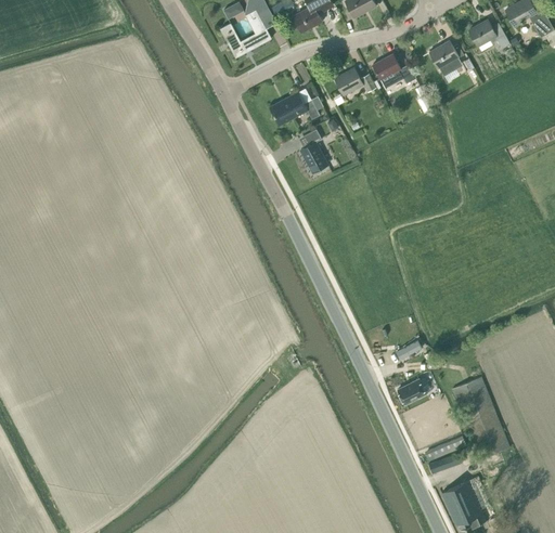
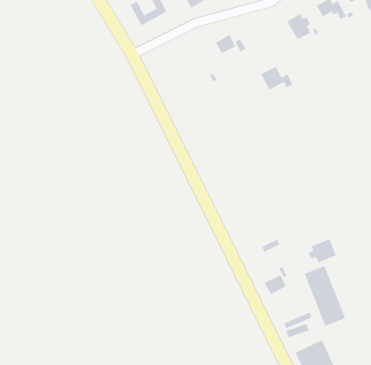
building: [372,54,415,87] -> [261,66,293,90]
building: [269,92,319,125] -> none
building: [299,129,327,173] -> none
building: none -> [308,239,337,263]

